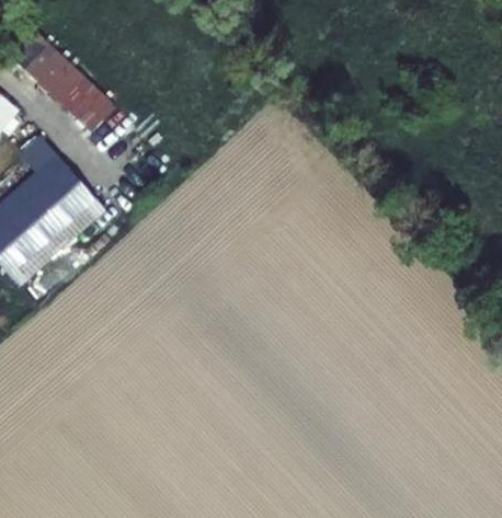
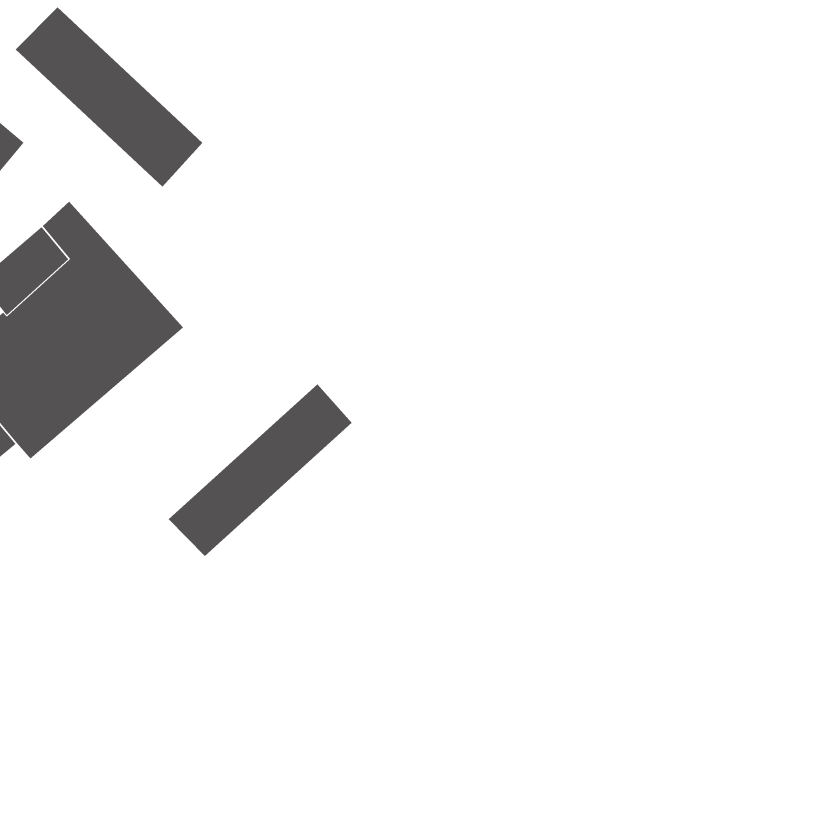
building: none -> [168,383,352,557]

